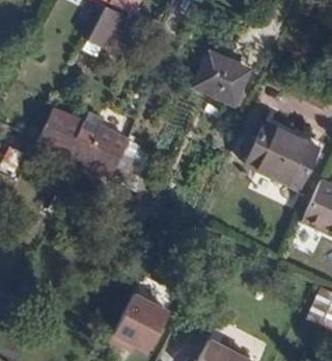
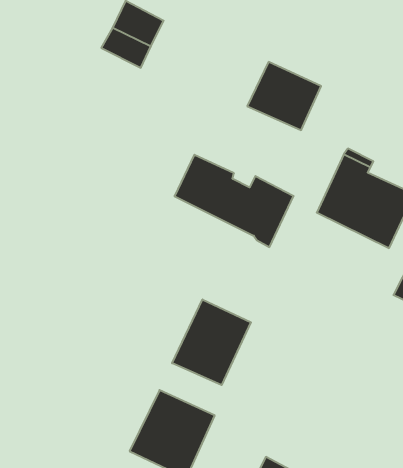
building: [40,109,128,177] -> [174,155,294,247]
building: none -> [172,299,251,385]

